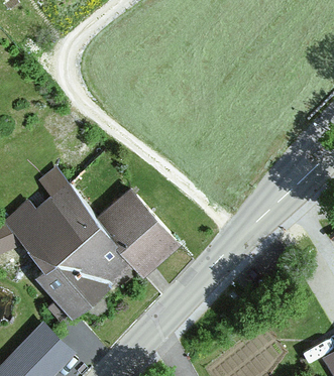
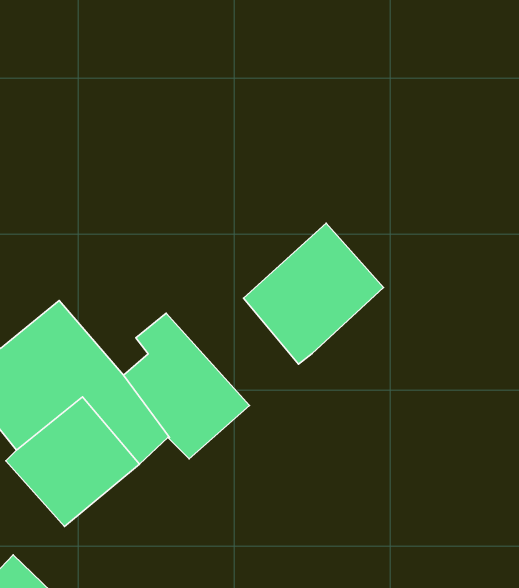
building: none -> [244,223,384,364]

